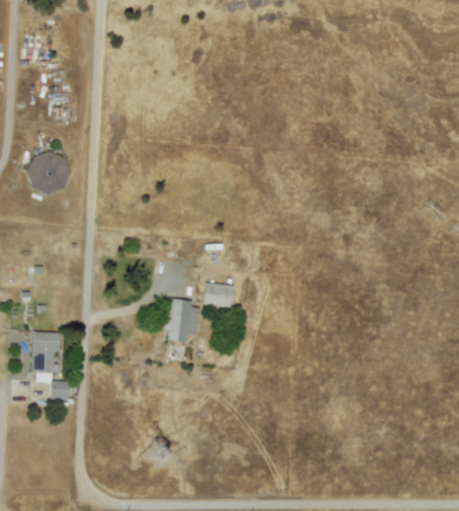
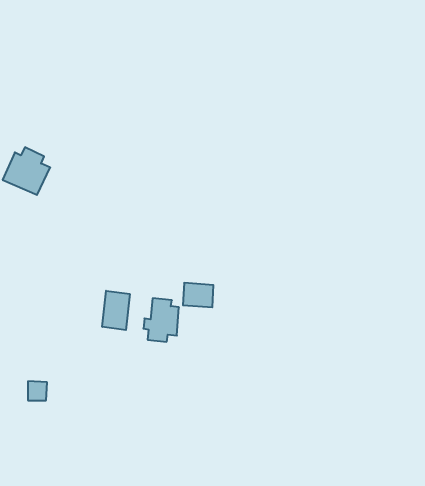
building: none -> [102,291,130,330]
building: [31,331,59,372] -> none

